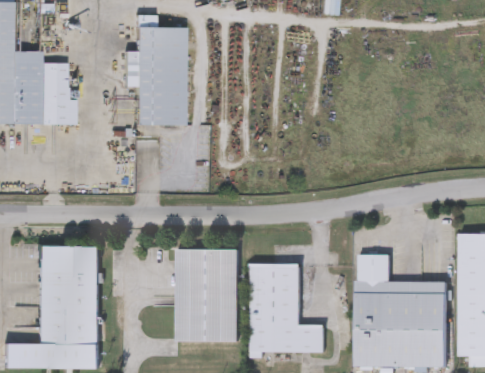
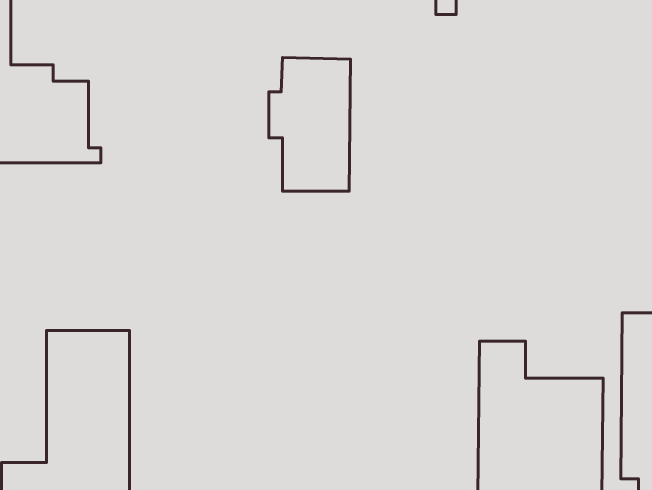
building: [125,26,185,124] -> [269,58,350,191]
building: [177,248,238,340] -> none
building: [250,263,325,351] -> none

